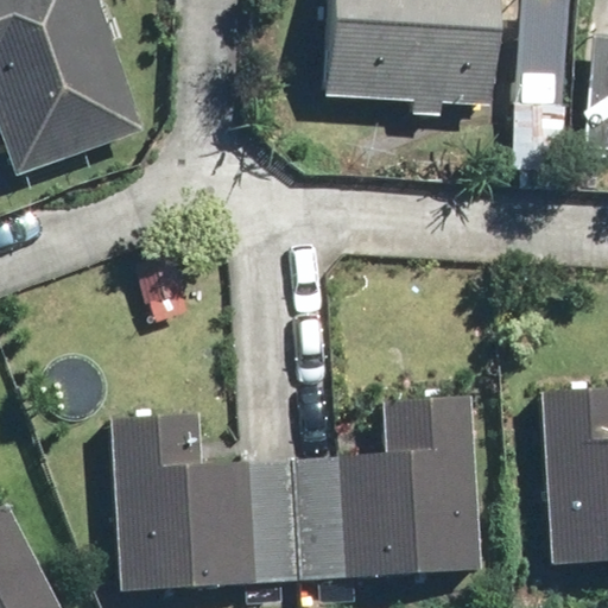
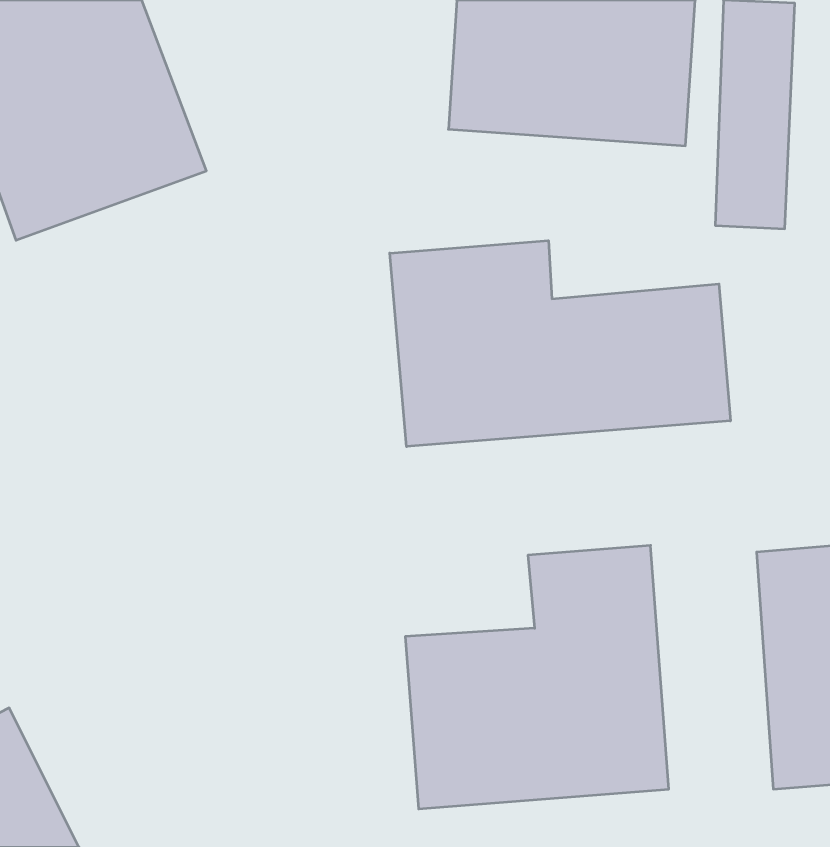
building: none -> [390,241,730,447]
building: [112,412,302,593] -> none

